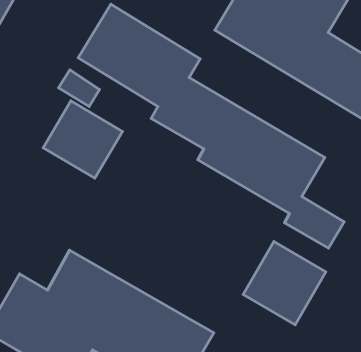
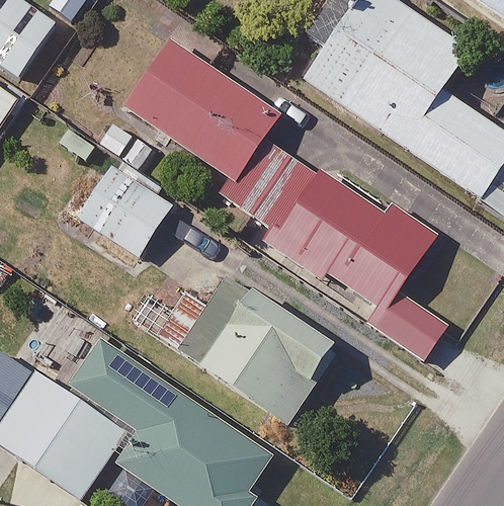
building: none -> [154,268,341,421]
building: [243,241,326,325] -> none

